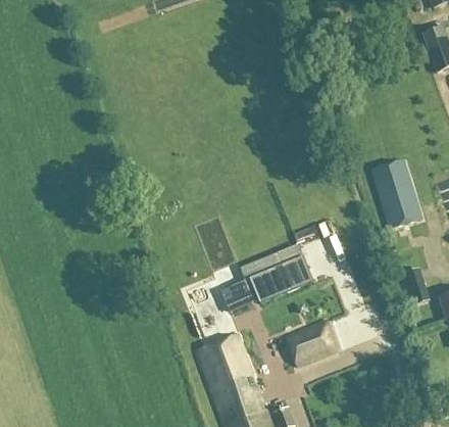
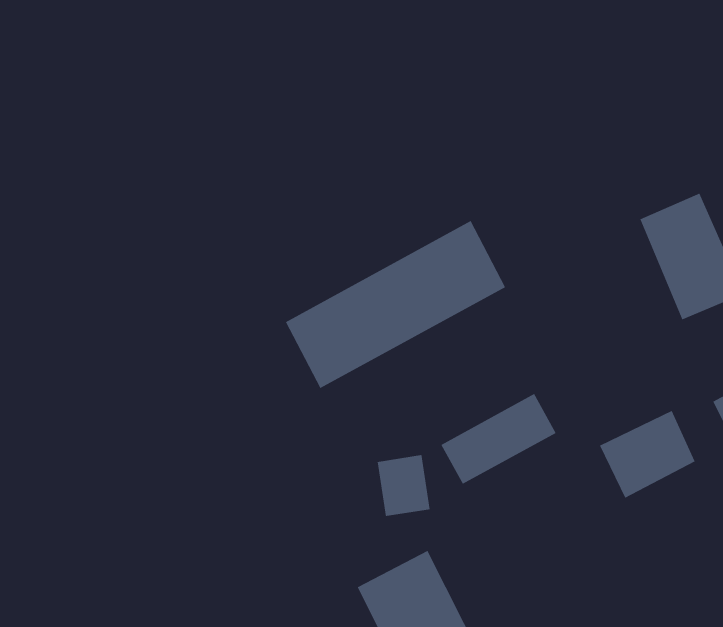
building: none -> [285,220,506,389]
building: [287,320,337,364] -> [599,410,695,498]

